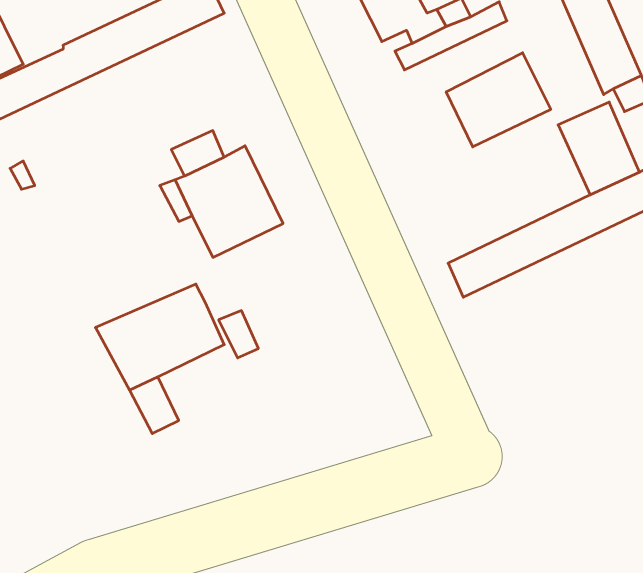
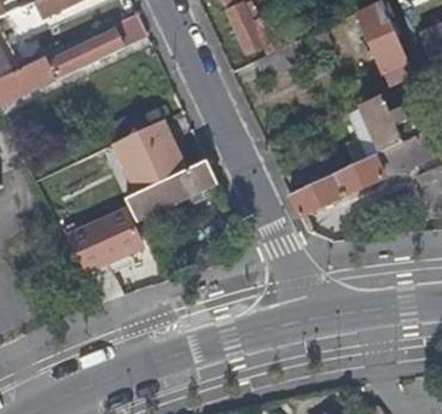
building: [446,53,551,147] -> none
building: none -> [124,159,215,220]

